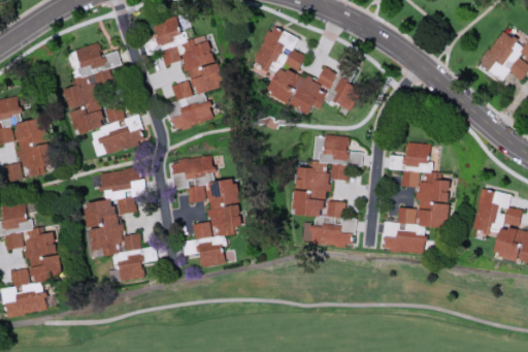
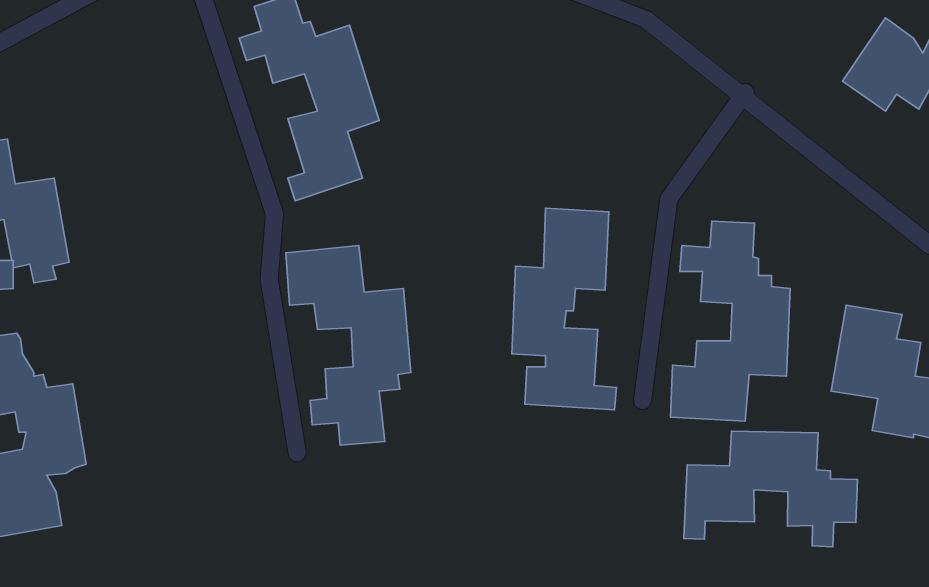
building: [250,25,361,113] -> none
building: [65,42,145,155] -> none
building: [86,166,157,282] -> none
building: none -> [684,431,858,547]

